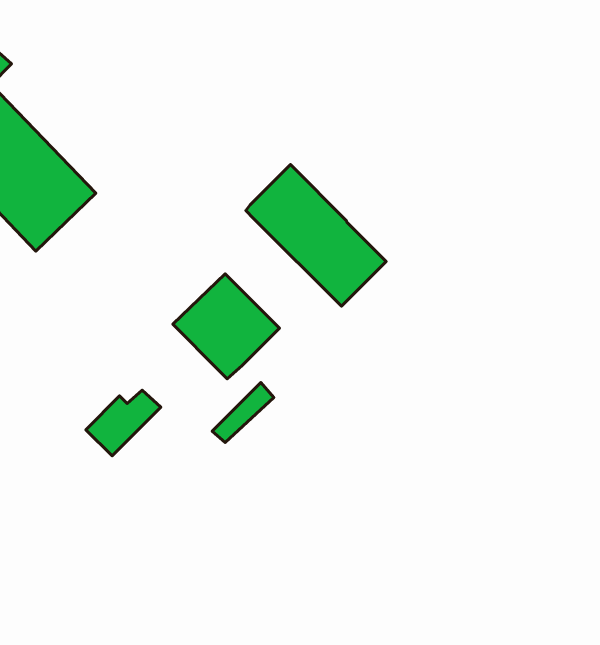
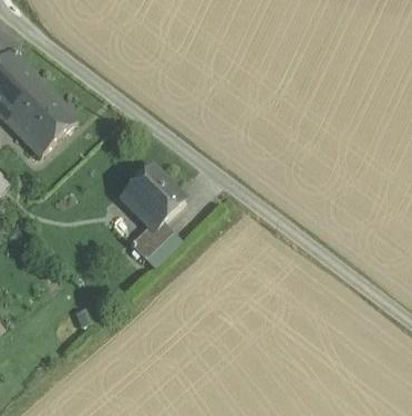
building: [246,164,386,306] -> none
building: [86,390,161,456] -> [128,220,173,259]

